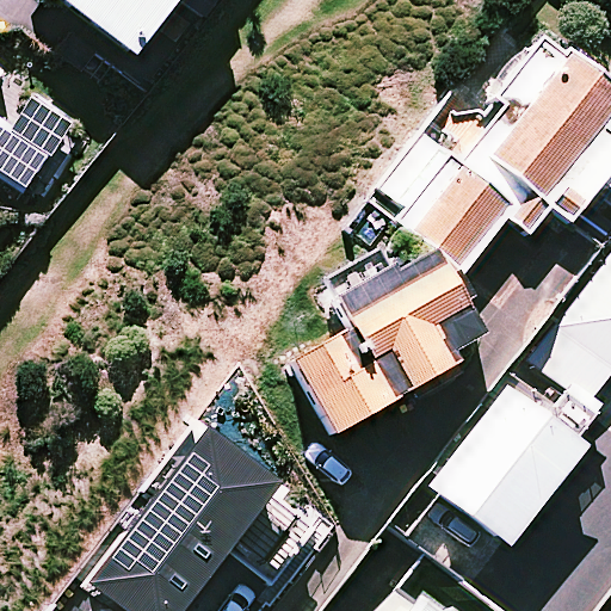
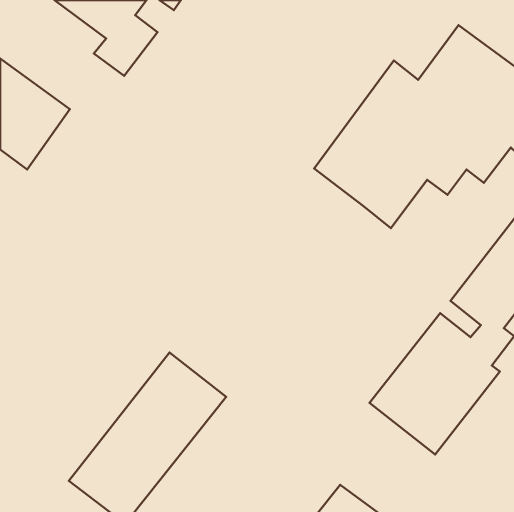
building: [292,248,487,436] -> none

